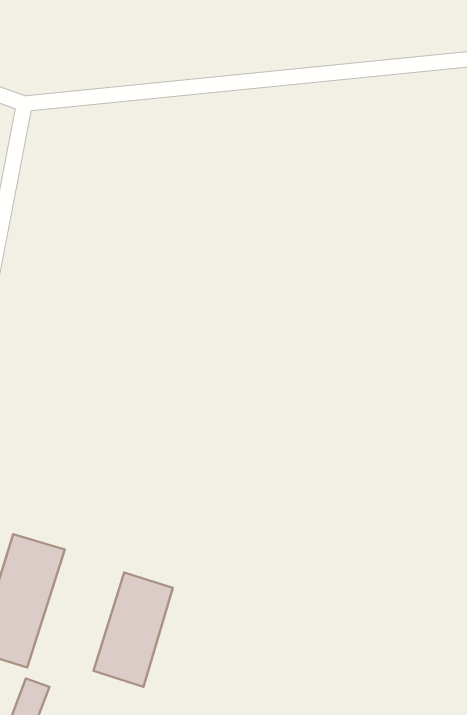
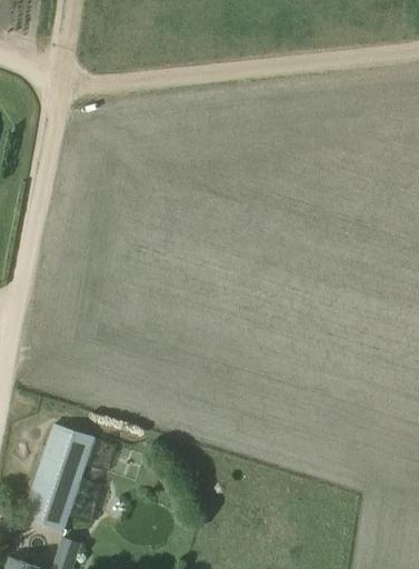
building: [94,572,173,687] -> none

